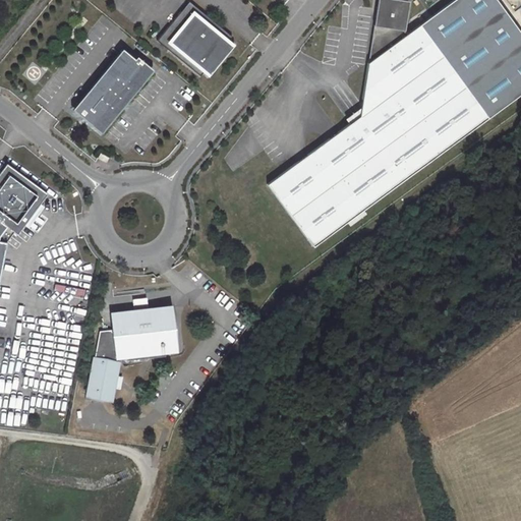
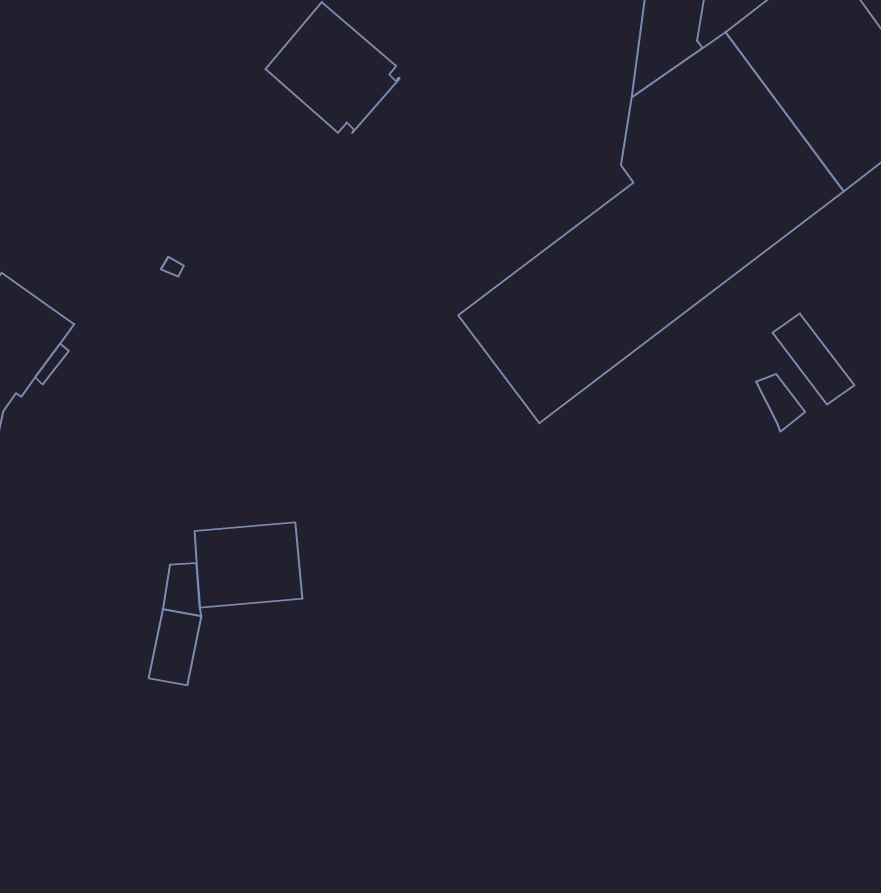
building: [78,51,152,130] -> none
building: none -> [772,313,854,405]
building: none -> [756,374,805,432]

